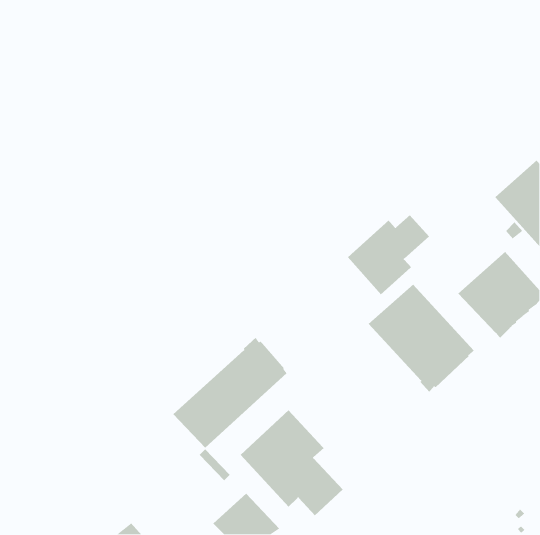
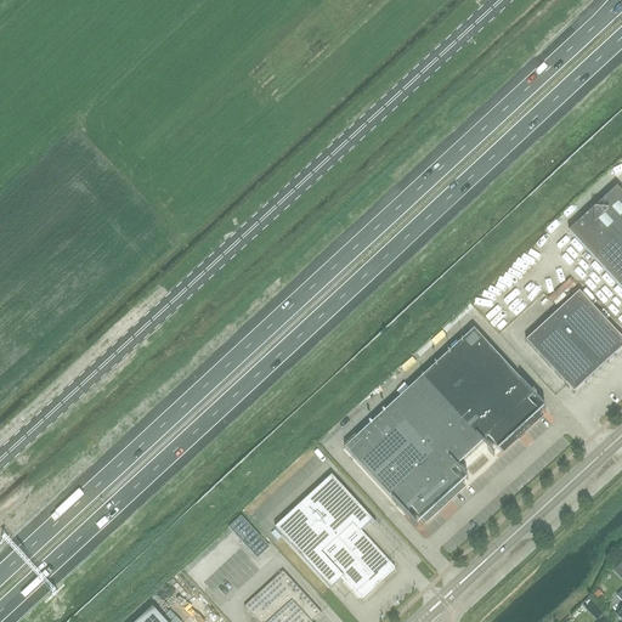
building: [347,214,430,295] -> none
building: none -> [345,373,484,522]
building: [172,337,288,448] -> none

